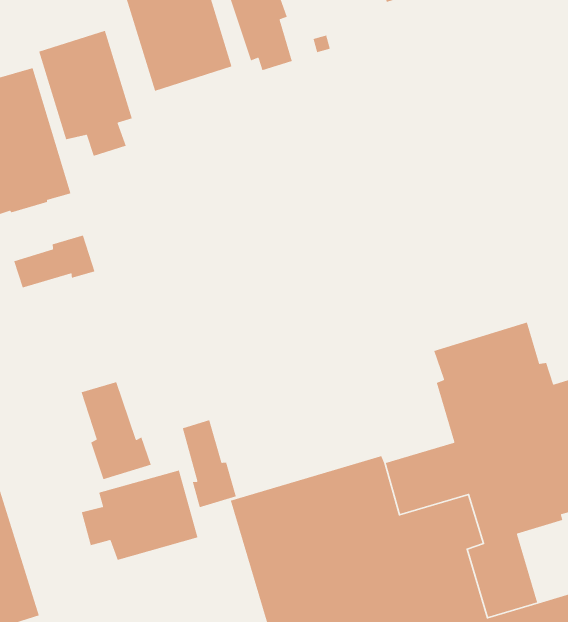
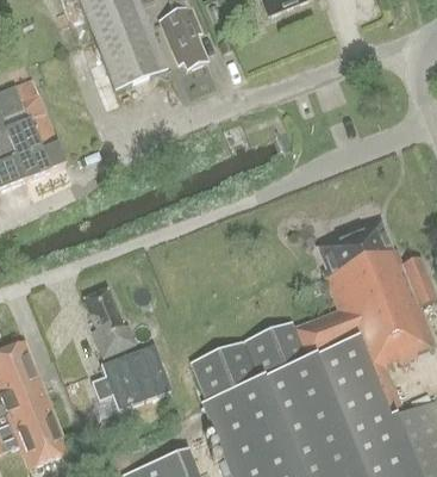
building: [38,30,133,157] -> none
building: [13,234,96,288] -> none
building: [182,419,237,508] -> none

